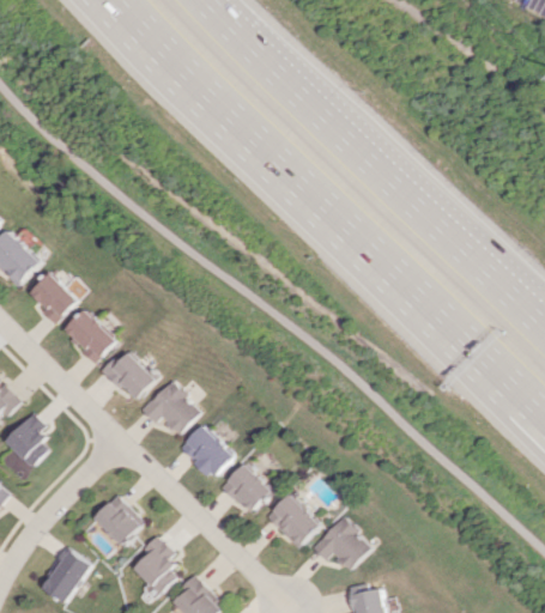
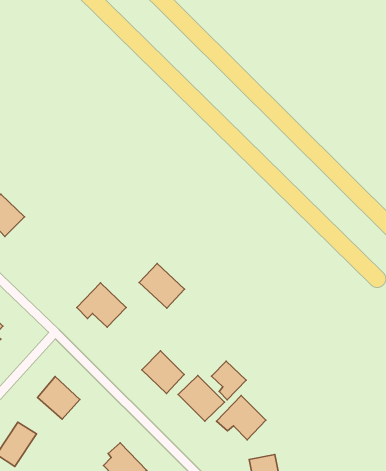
building: [62,309,116,363] -> none
building: [101,352,156,401] -> none
building: [178,425,234,479] -> [139,264,185,308]
building: none -> [211,361,246,400]
building: [133,536,178,594] -> none

